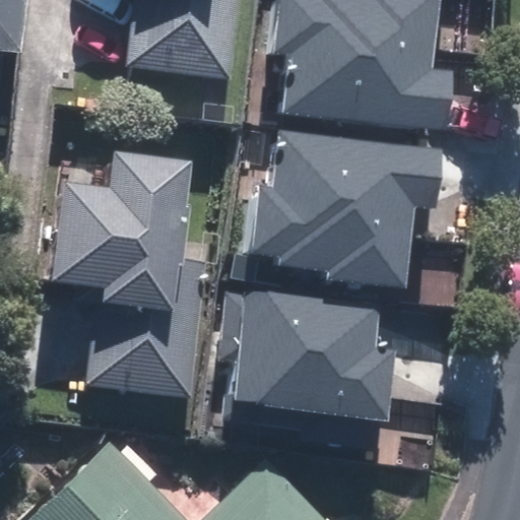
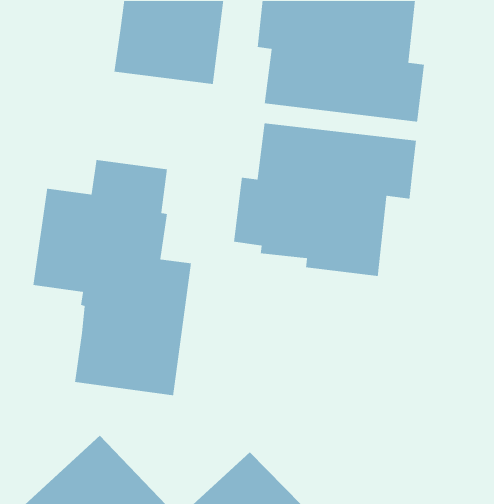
building: [233,283,393,416] -> none

